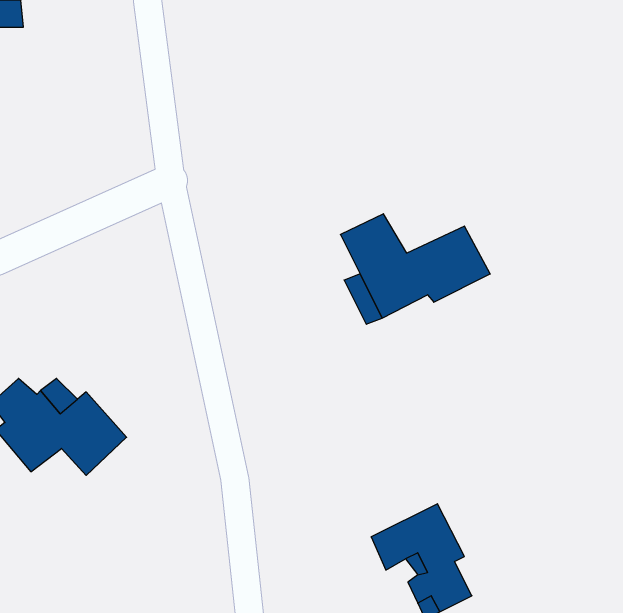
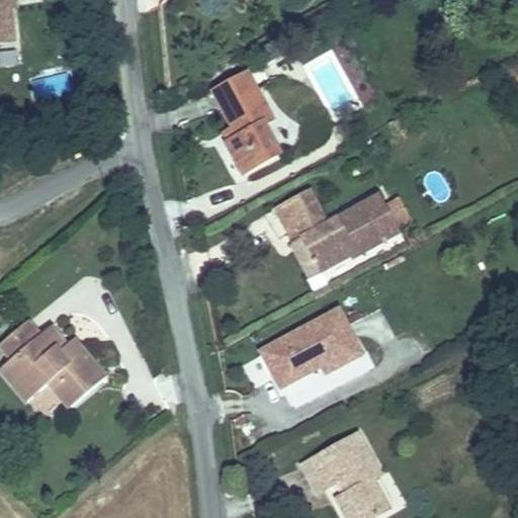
building: none -> [210,71,278,176]
building: none -> [261,313,359,386]

